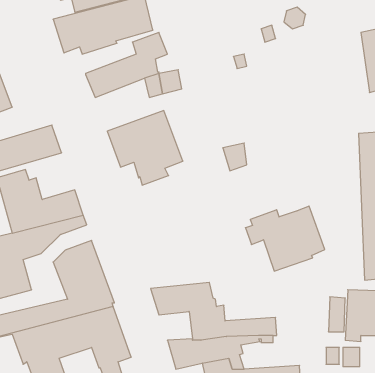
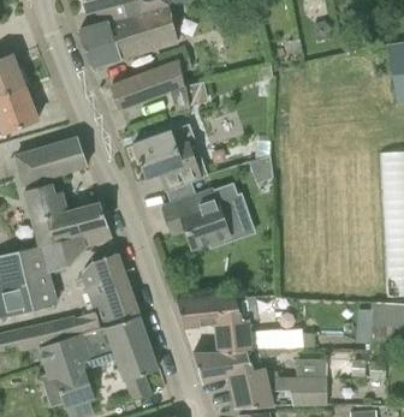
building: [245,206,325,271] -> [164,185,243,250]

